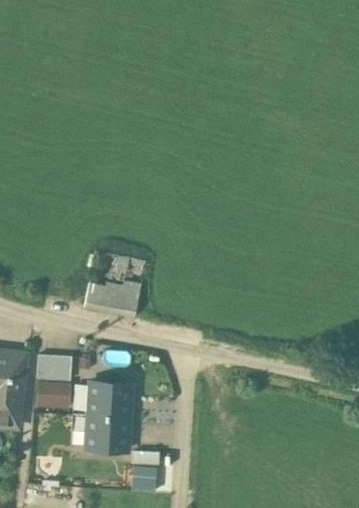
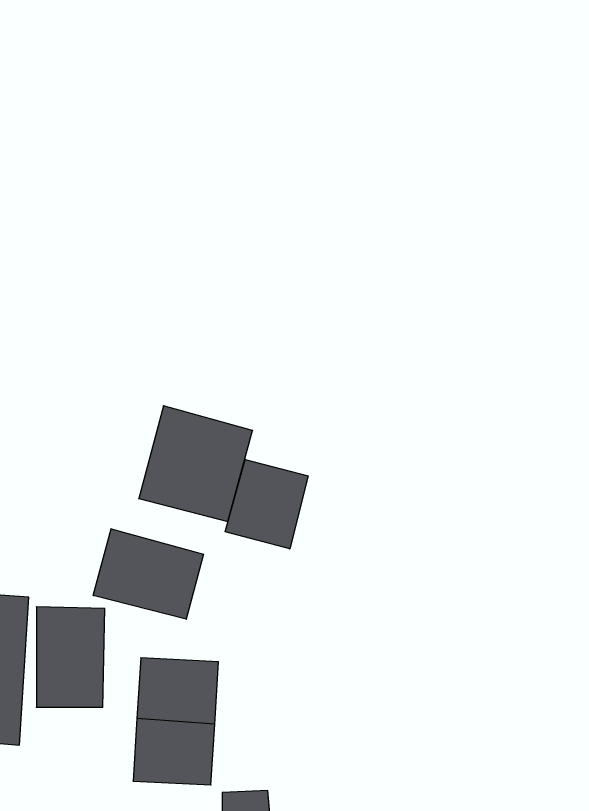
building: none -> [225,459,308,549]
building: none -> [93,529,203,619]

